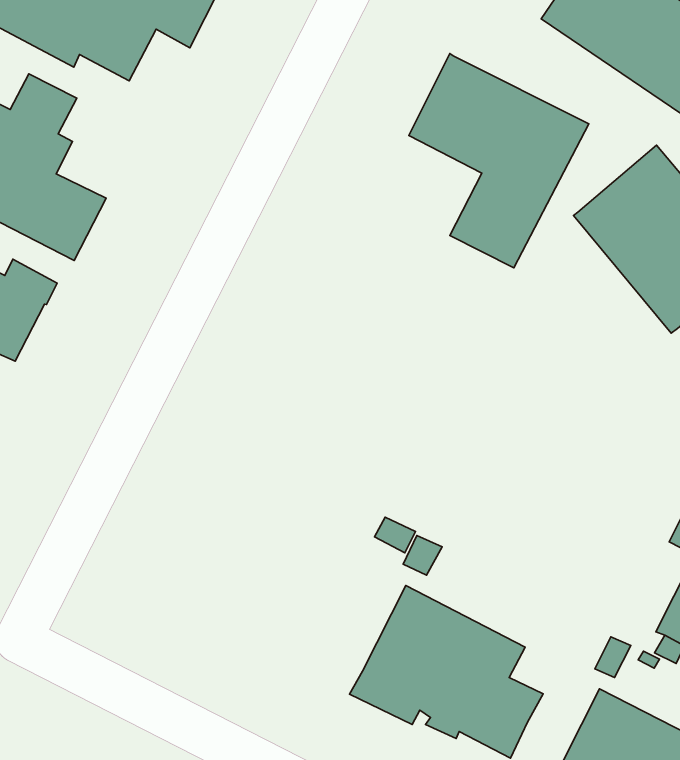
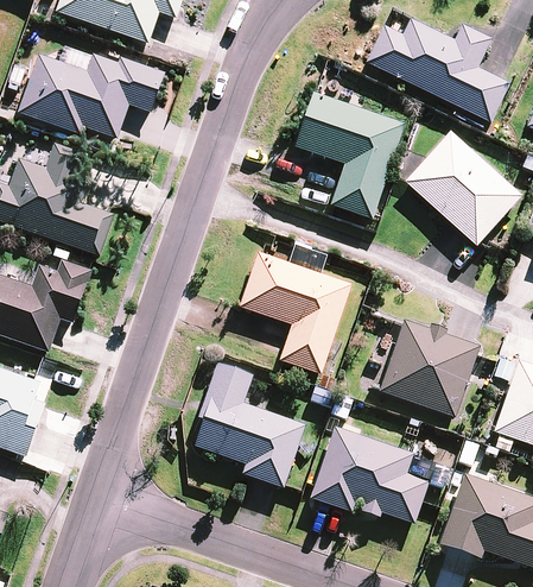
building: none -> [239,252,350,373]
building: none -> [379,318,478,416]
building: none -> [193,361,304,486]

